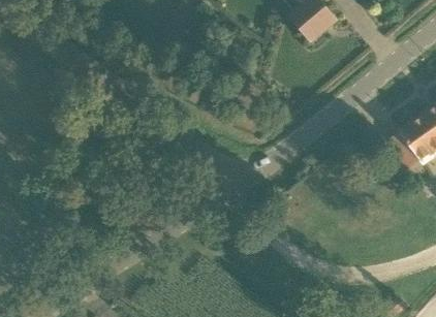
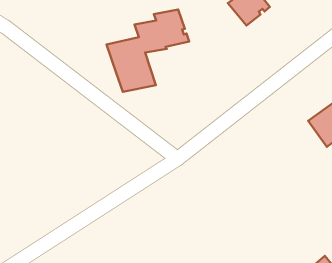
building: none -> [107,10,189,92]

